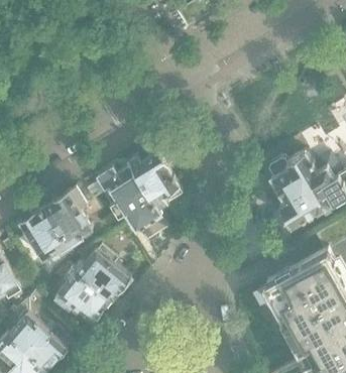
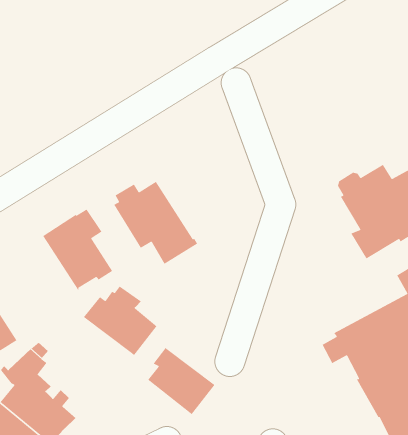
building: [126,146,181,212] -> none
building: [17,210,68,266] -> none
building: [56,271,109,324] -> [147,347,215,415]

